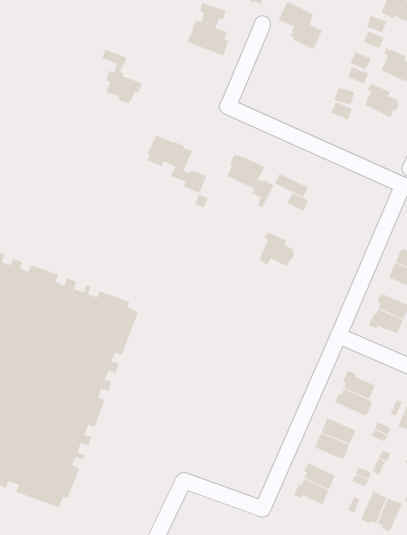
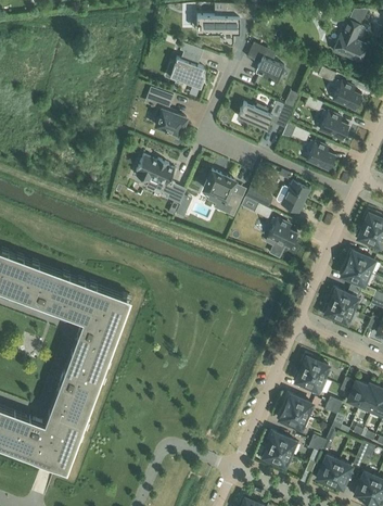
building: [102,49,143,104] -> [152,90,187,137]
building: none -> [238,103,293,131]
building: none -> [306,142,335,170]
building: none -> [277,182,309,214]
building: [258,232,296,267] -> [266,219,297,249]

